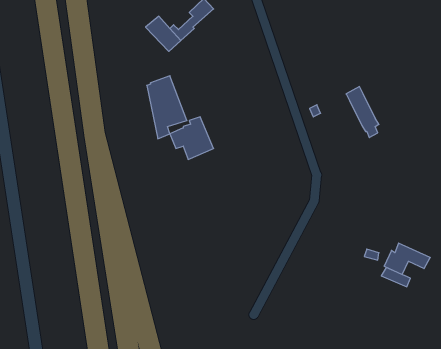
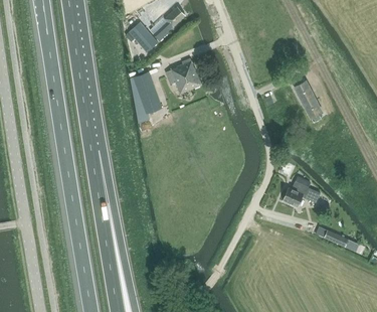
building: [170,117,214,159] -> [165,57,201,93]
building: [384,243,430,275] -> [282,180,321,206]

